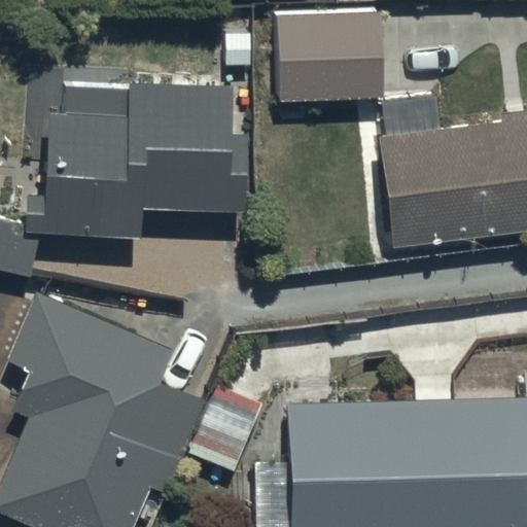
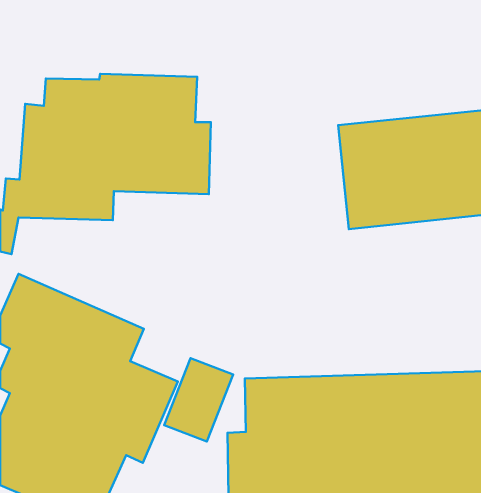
building: [276,12,391,102] -> none

